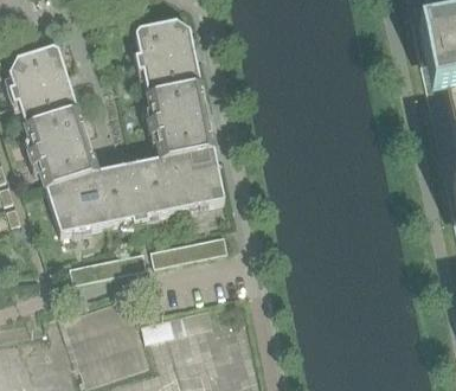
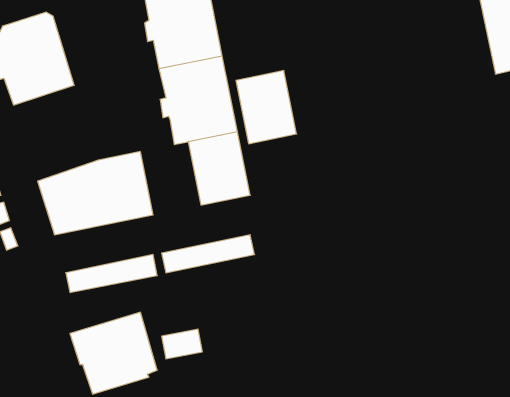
building: [26,104,97,185] -> none
building: [133,152,184,213] -> [236,71,297,144]

